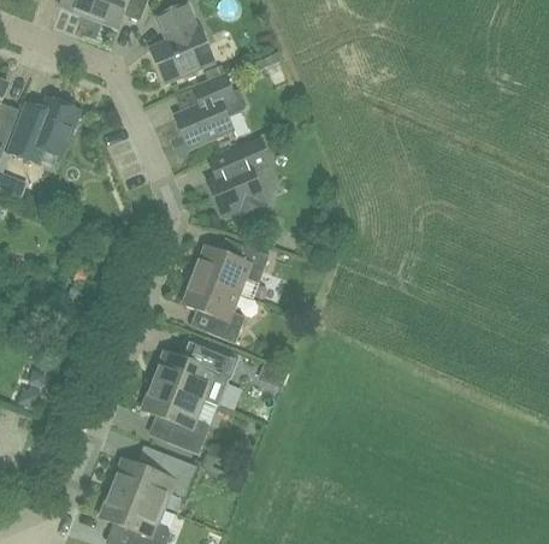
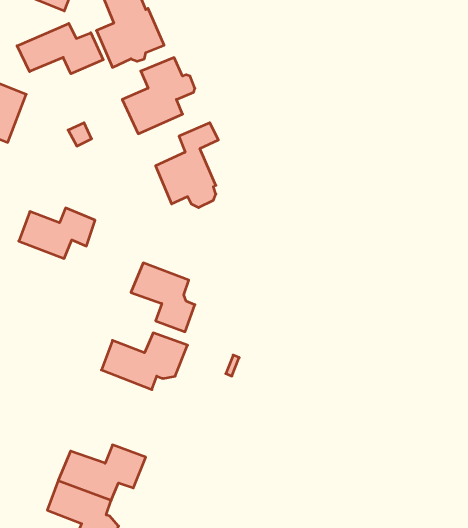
building: none -> [17,23,103,74]
building: [194,242,268,291] -> [19,208,95,258]
building: [142,379,208,453] -> none

